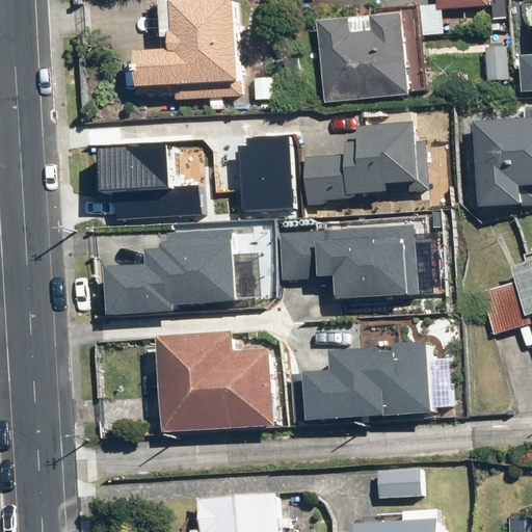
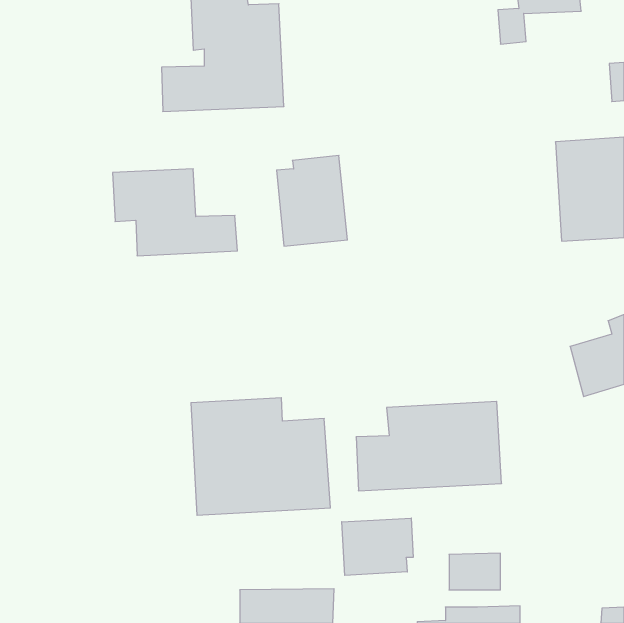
building: [324,21,409,104] -> none
building: [302,121,430,203] -> none
building: [280,225,417,294] -> none
building: [103,231,232,312] -> none
building: none -> [342,518,413,575]

